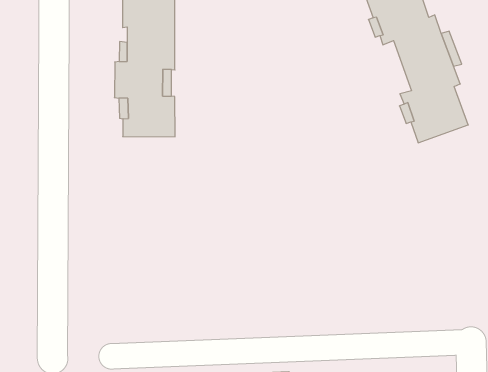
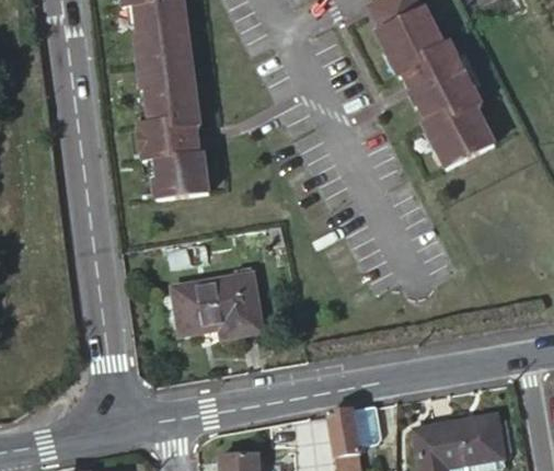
building: none -> [172,266,258,336]

